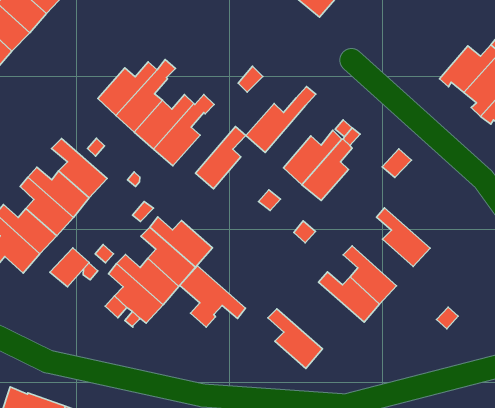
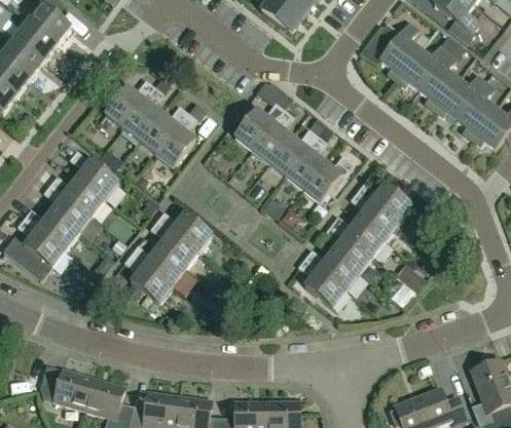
building: none -> [366,24,419,79]
building: [195,126,246,189] -> [252,109,293,163]
building: none -> [302,155,354,203]
building: none -> [357,183,415,224]
building: none -> [331,217,385,258]
building: [50,248,89,287] -> none
building: [180,266,246,327] -> none
building: [268,309,323,368] -> [297,259,345,308]

